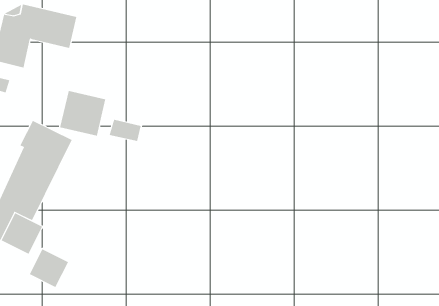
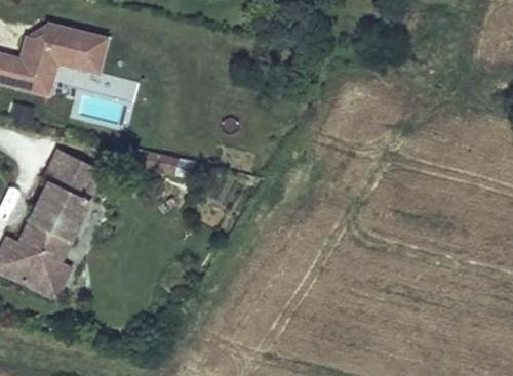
building: [60,90,106,137] -> none
building: [29,248,69,288] -> none

